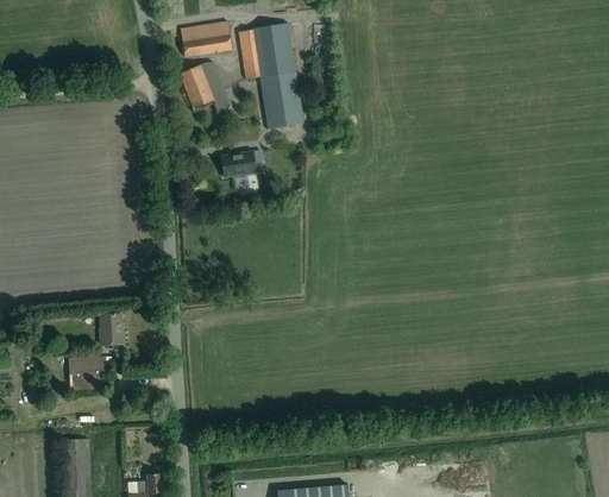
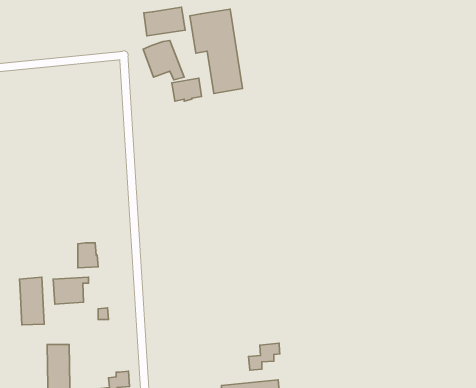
building: [220,150,257,178] -> [172,78,202,101]
building: none -> [19,277,44,325]
building: none -> [248,343,280,370]

